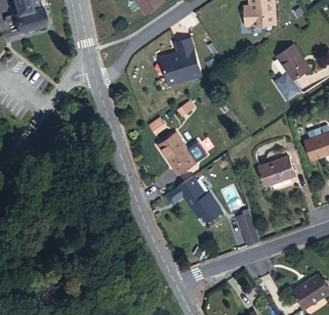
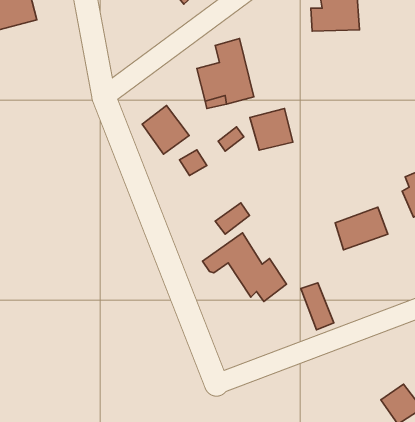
building: [273,44,307,95] -> none
building: none -> [250,108,293,150]
building: [158,131,192,166] -> [142,106,189,154]

